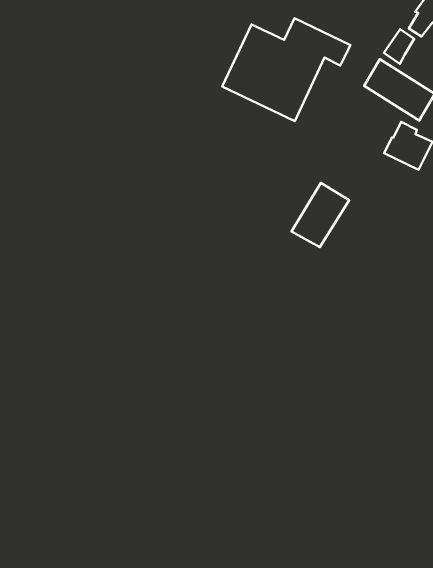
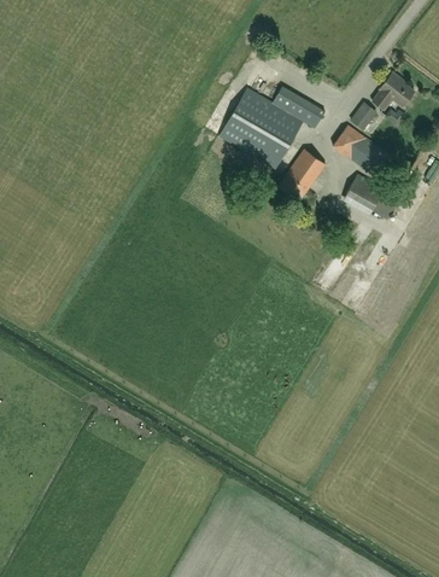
building: [292,183,349,247] -> [277,148,326,200]

